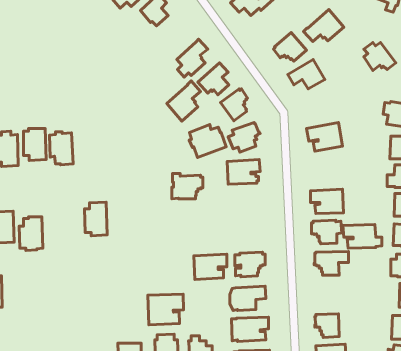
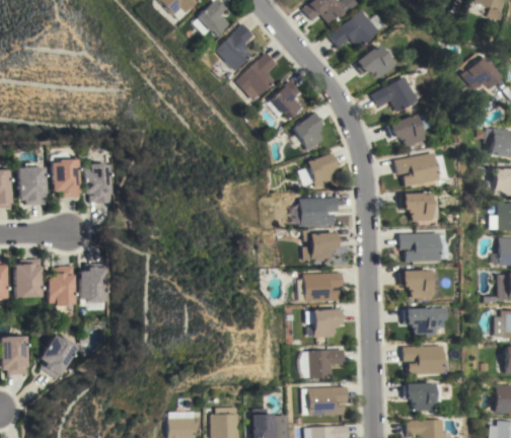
building: [304,10,344,42] -> [327,9,376,48]
building: [167,81,201,121] -> [212,22,252,71]
building: none -> [387,112,428,146]
building: [189,124,226,157] -> none
building: none -> [399,193,430,221]
building: [172,174,203,199] -> [302,230,340,261]
building: [84,202,107,236] -> [80,263,107,303]
building: [343,225,382,248] -> [401,346,448,374]
building: [194,254,227,279] -> [303,272,343,302]
building: none -> [40,335,79,379]
building: [148,294,183,325] -> none

